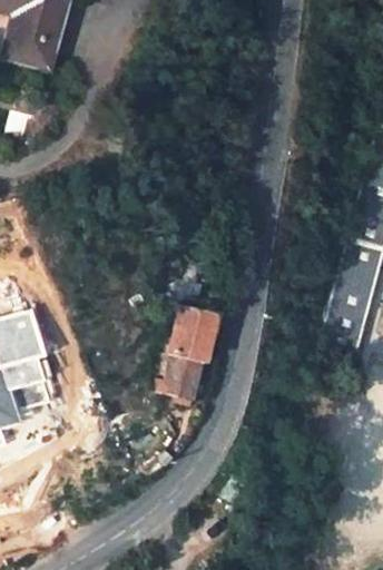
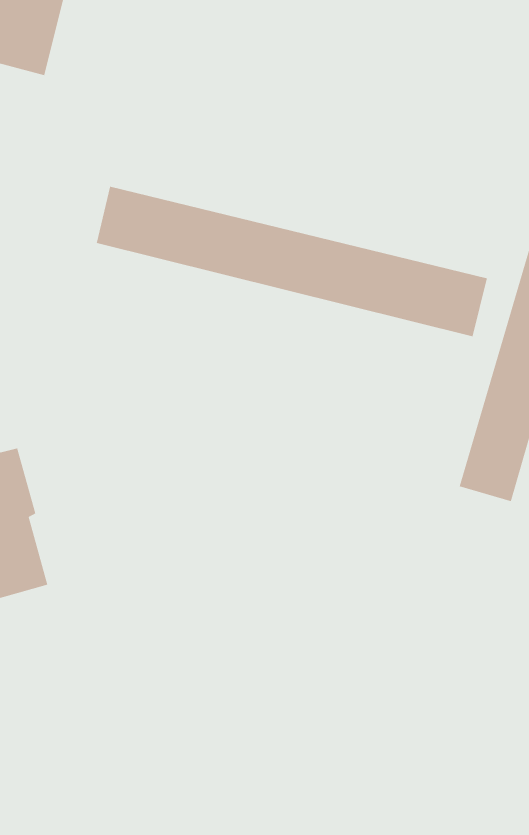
building: none -> [96,186,488,337]
building: [161,306,214,400] -> none

